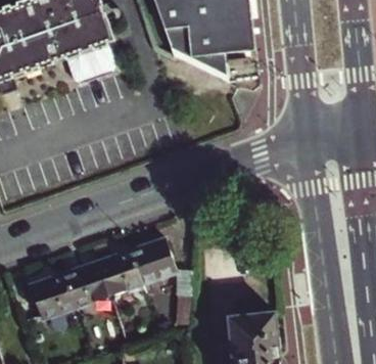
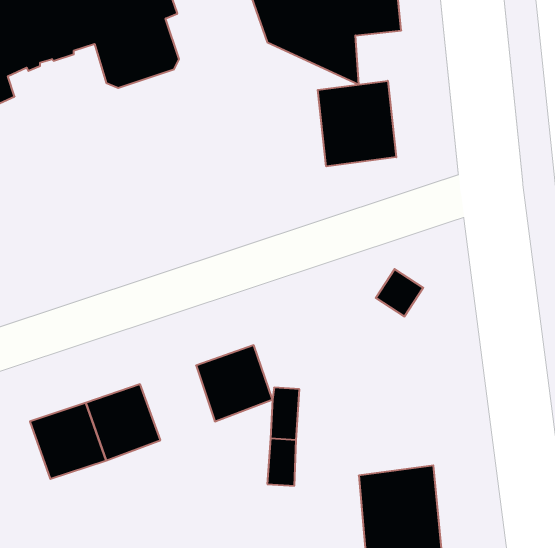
building: none -> [318,81,396,166]
building: [95,249,140,294] -> none

